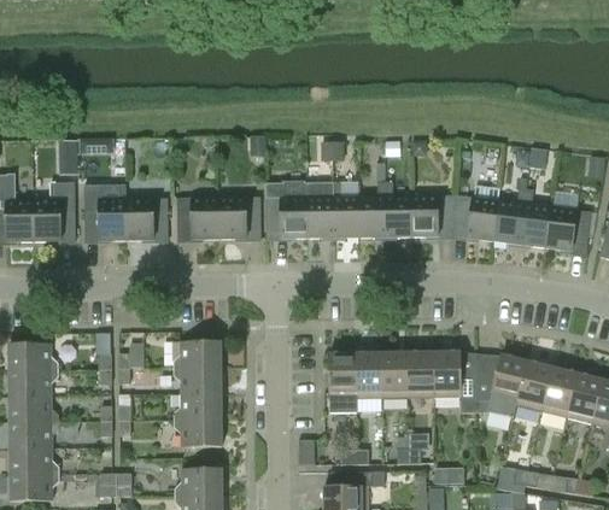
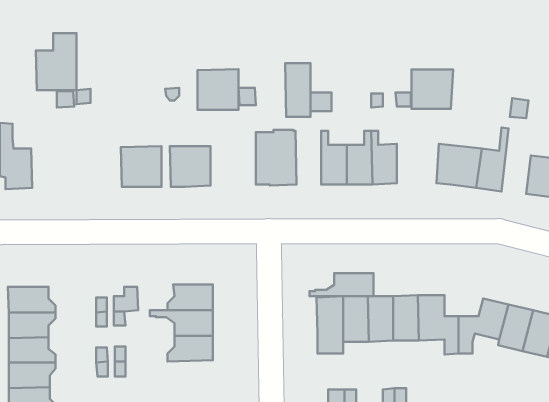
building: [33,182,75,241] -> [36,33,77,90]
building: [306,182,333,238] -> [285,63,311,117]
building: [520,189,550,247] -> none
building: [411,195,455,236] -> [411,69,453,109]
building: [218,197,260,239] -> [198,69,238,110]
building: [84,199,127,241] -> none
building: none -> [309,273,374,296]
building: [174,420,222,447] -> none

